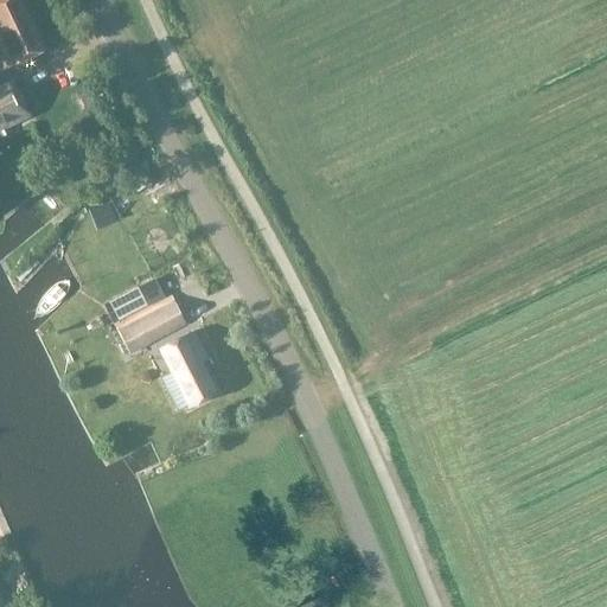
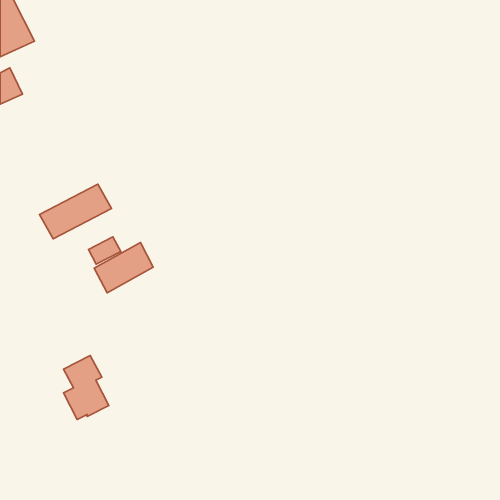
building: none -> [40,184,112,239]
building: [162,332,217,409] -> [64,356,109,419]

